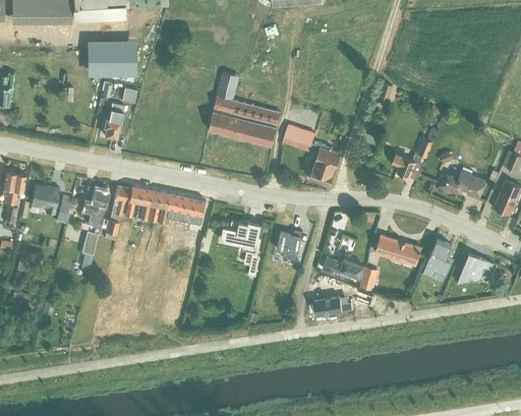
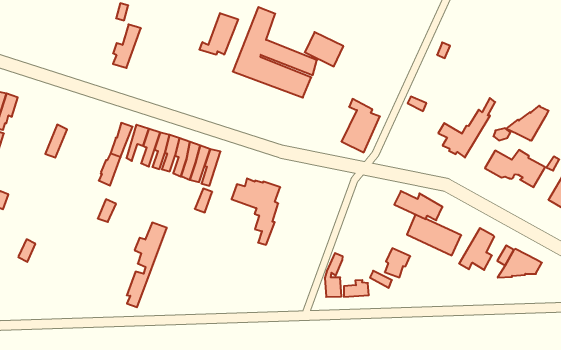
building: none -> [199,13,238,55]
building: [282,125,314,153] -> [305,32,343,66]
building: none -> [506,106,549,141]
building: [30,186,59,215] -> none
building: [80,188,108,262] -> [127,223,167,307]
building: [276,231,302,261] -> none
building: [322,257,363,279] -> [394,191,443,220]

